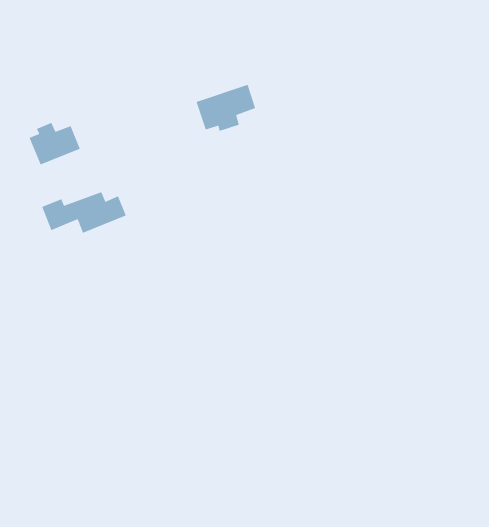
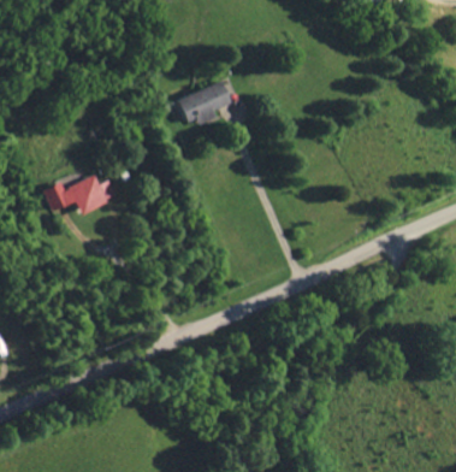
building: [29,122,81,166] -> none

